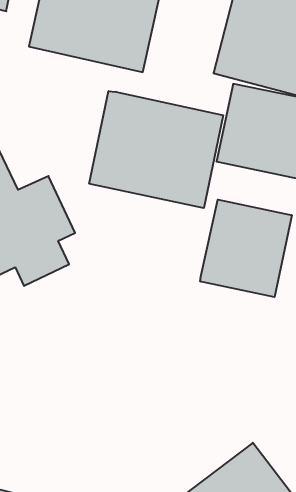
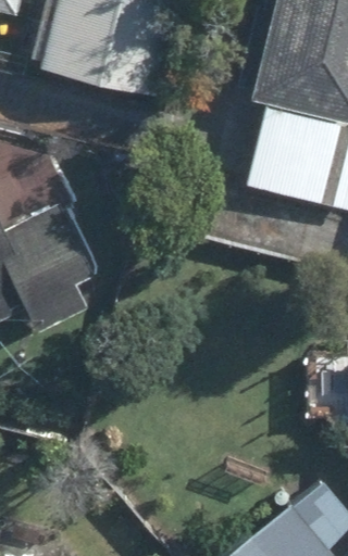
building: [89,91,223,208] -> none
building: [200,200,292,297] -> none

